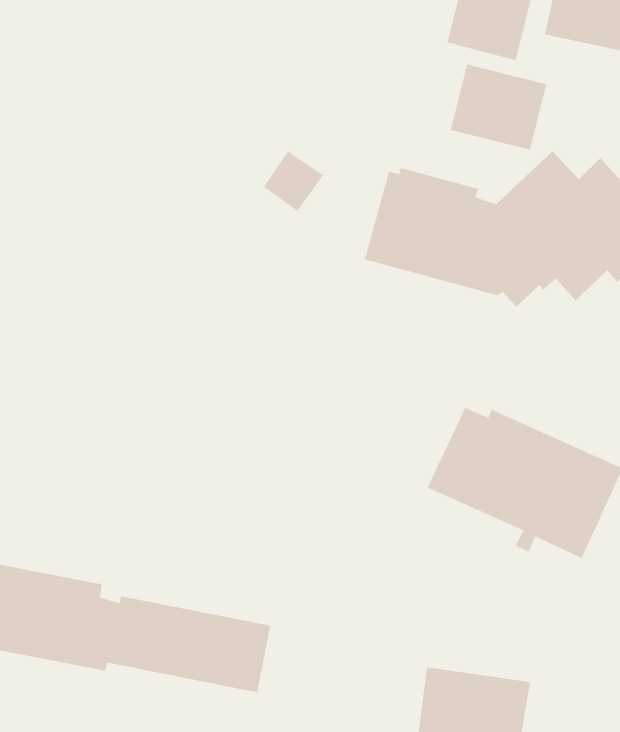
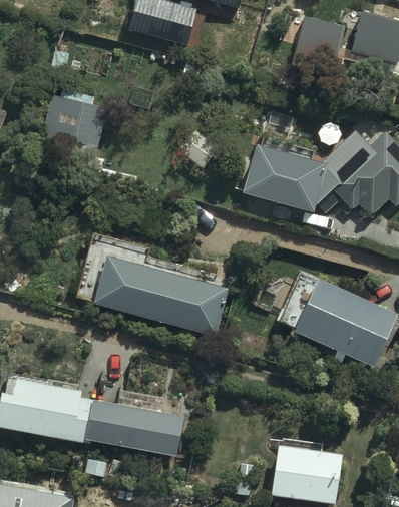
building: [450,64,547,151] -> none
building: none -> [39,88,109,152]
building: none -> [76,233,230,337]

